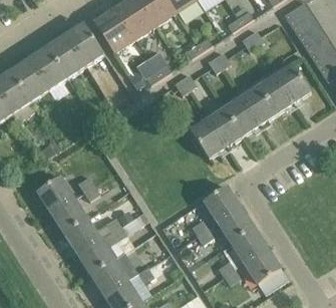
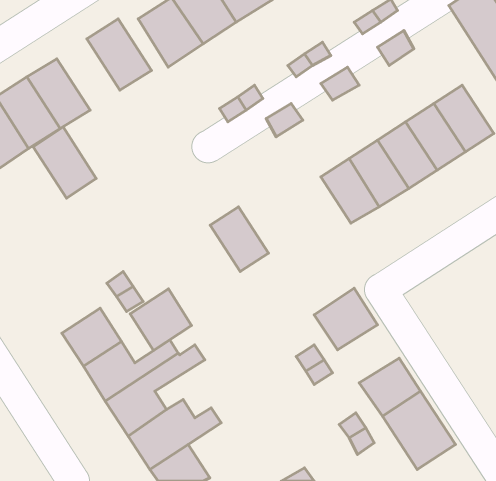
building: [47,34,85,77] -> [33,127,96,198]
building: [190,117,225,157] -> [210,207,268,272]
building: [36,175,73,212] -> [130,289,192,350]
building: [217,207,254,242] -> none

